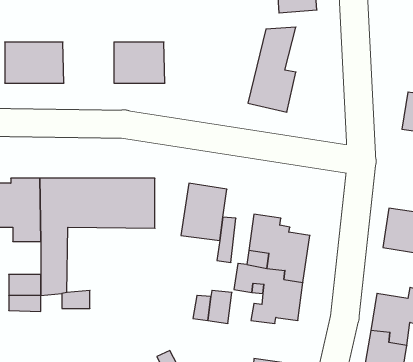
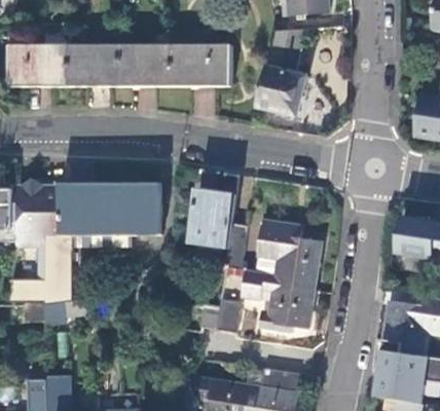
building: none -> [66,44,118,86]
building: none -> [170,44,230,86]

